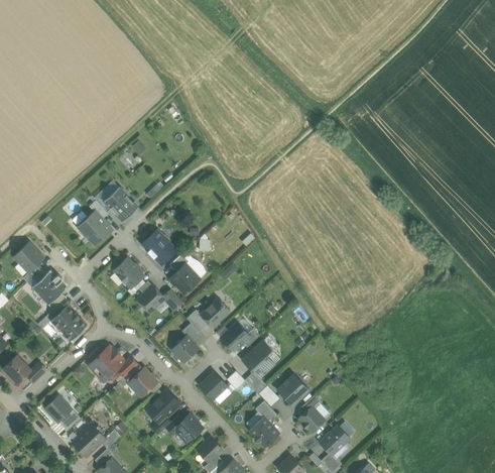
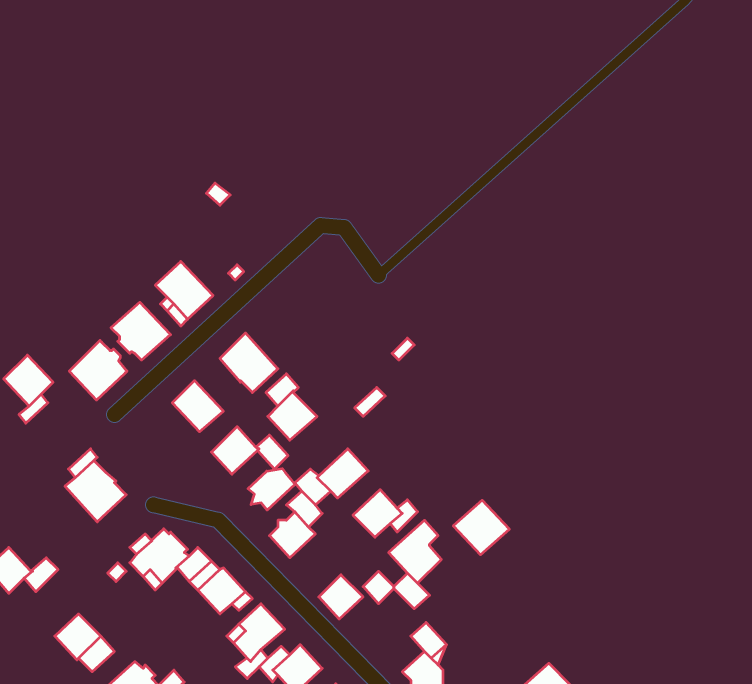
building: [32,270,67,306] -> [69,340,127,400]
building: none -> [248,469,295,510]
building: [276,374,310,406] -> [453,500,509,555]
building: [298,406,325,434] -> none

